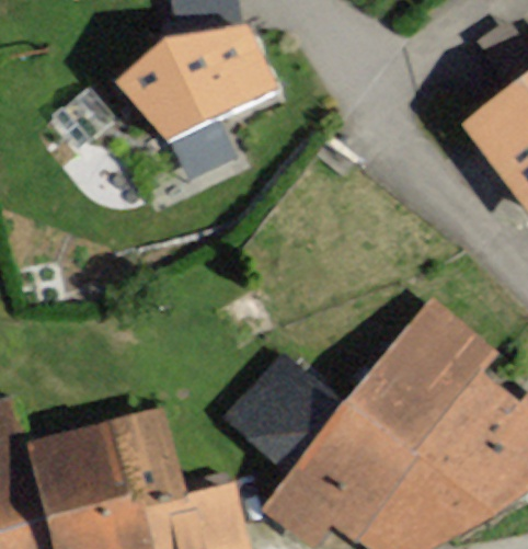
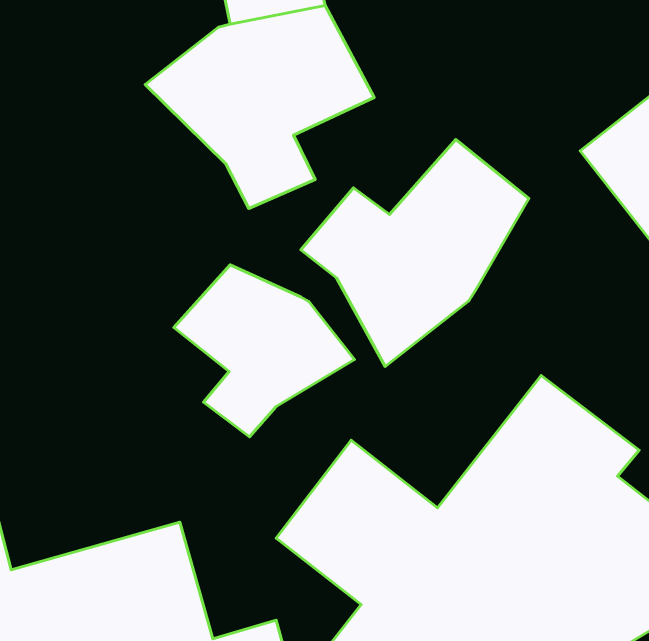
building: none -> [301,139,529,366]
building: none -> [174,265,355,437]

